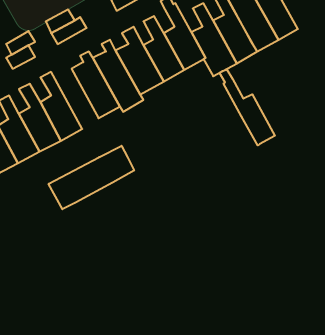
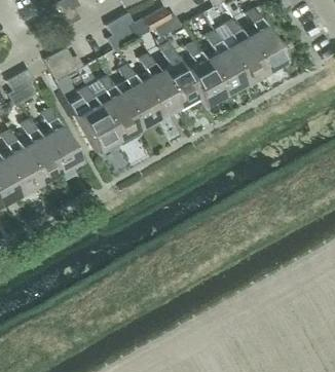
building: [220,70,275,145] -> none
building: [49,146,134,209] -> none

